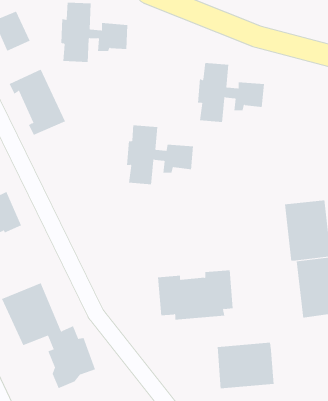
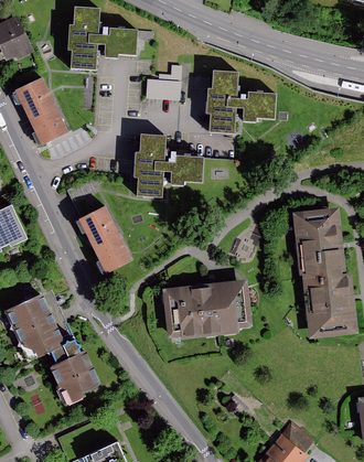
building: none -> [141,77,179,98]
building: none -> [78,205,136,273]
building: [217,342,274,389] -> none

